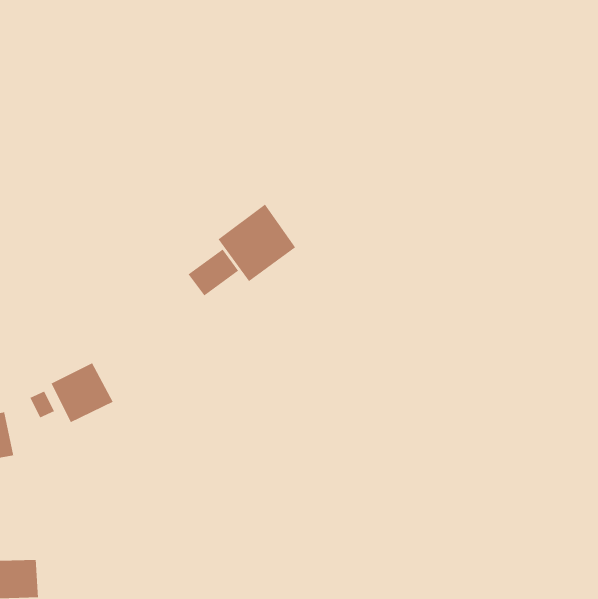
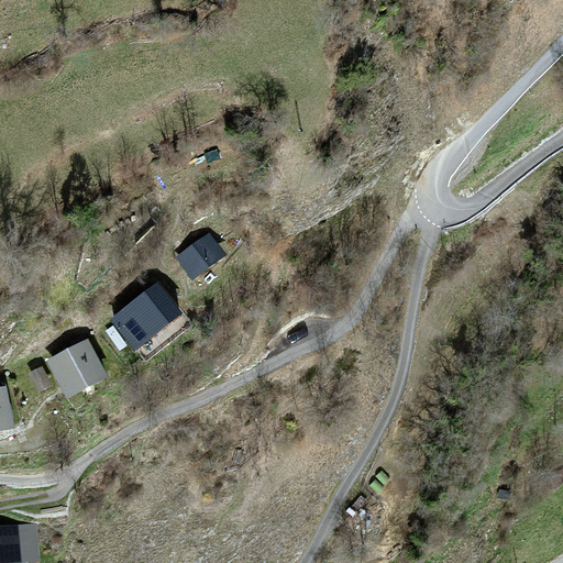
building: [217,203,296,282] -> none
building: none -> [110,283,180,350]

